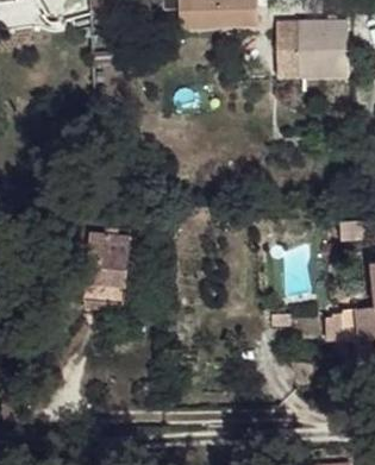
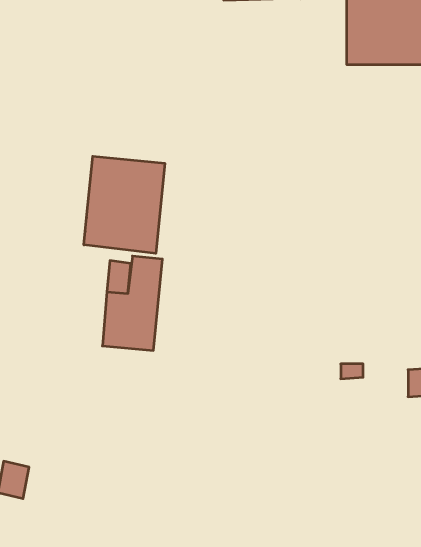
building: none -> [84,156,165,253]

